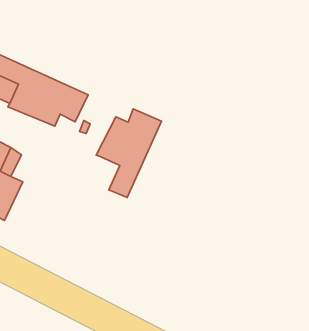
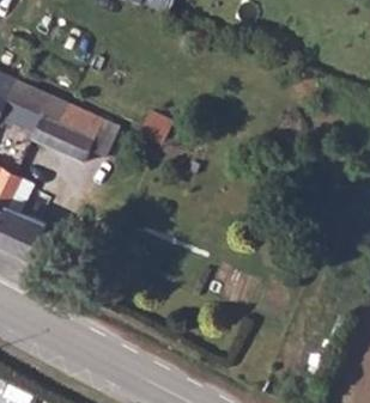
building: [96,109,162,197] -> none

